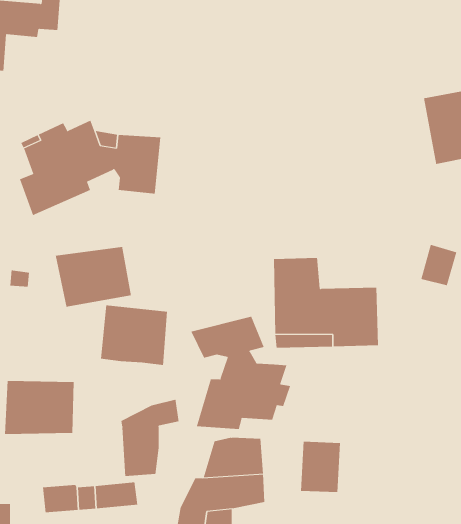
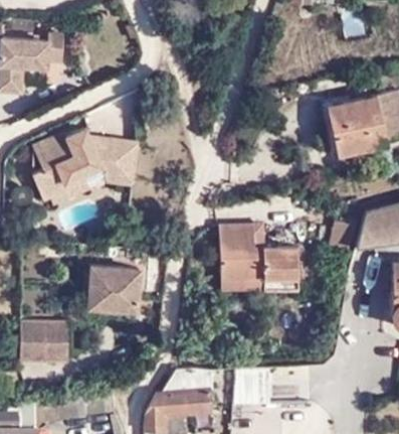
building: [55,246,132,307] -> none
building: [191,316,291,430] -> none
building: [121,399,179,477] -> none

